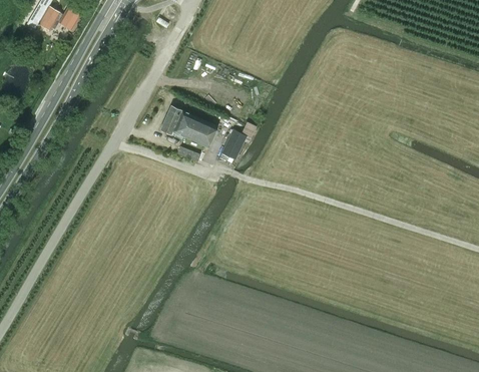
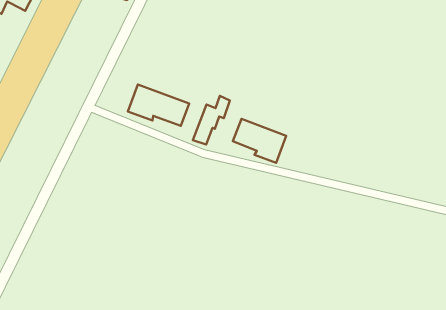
building: none -> [233,119,286,163]

